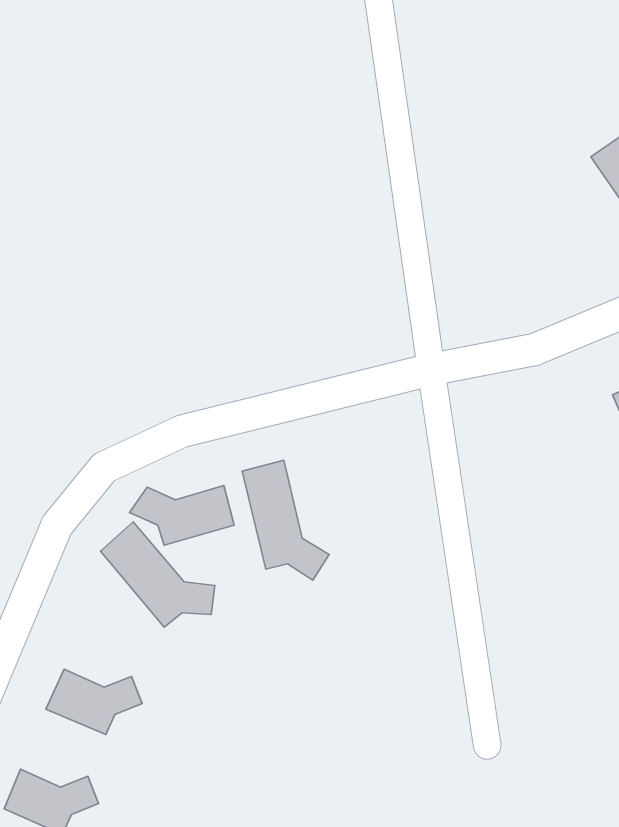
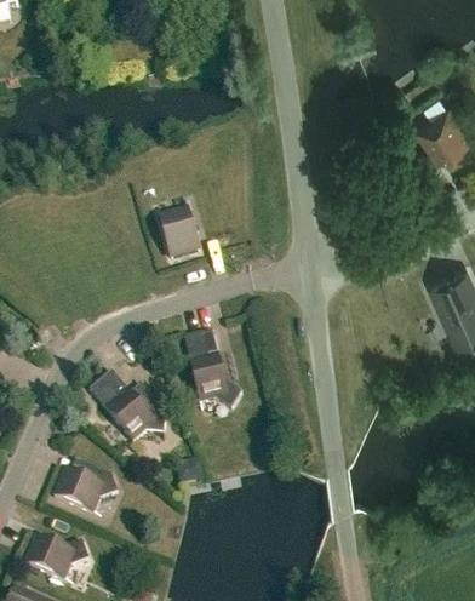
building: none -> [160,207,199,256]
building: [129,486,234,545] -> none

